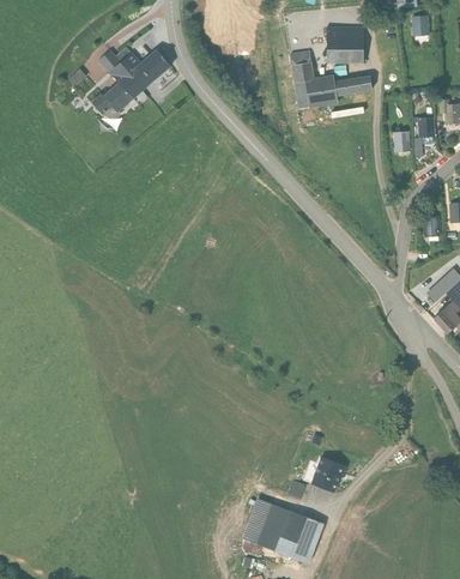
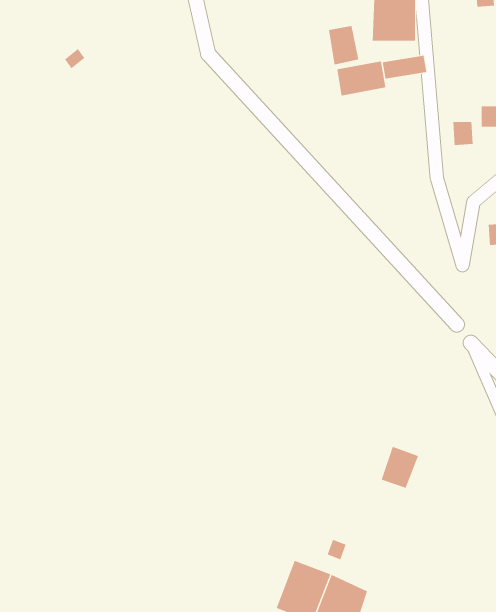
building: [89,47,168,117] -> none
building: [310,460,343,496] -> [381,446,419,488]

